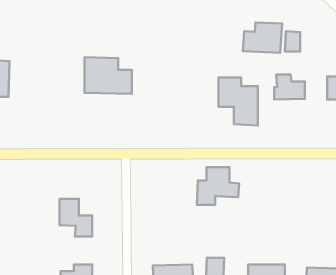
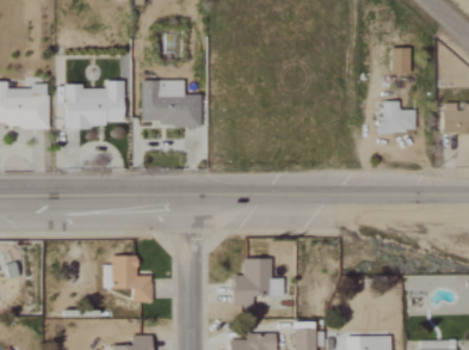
building: [243,22,282,53] -> none
building: none -> [64,80,125,124]
building: [218,77,258,125] -> none
building: [197,167,239,205] -> [232,258,284,305]

